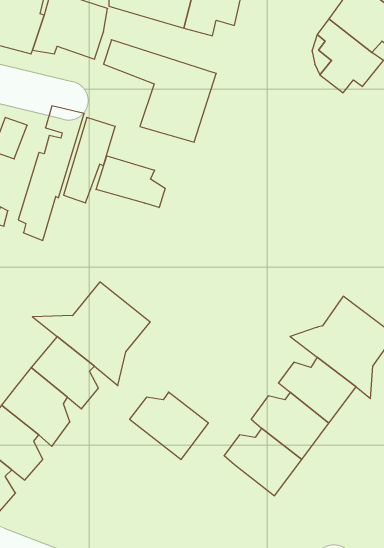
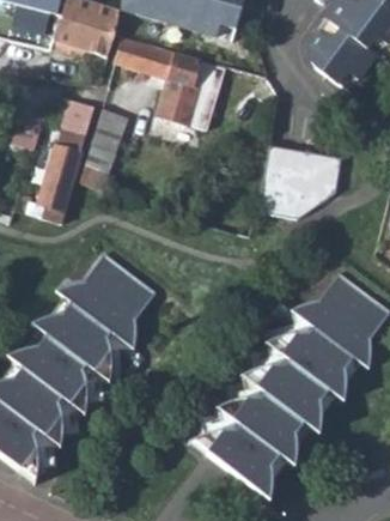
building: [96,156,165,208] -> none
building: none -> [258,145,339,216]
building: [130,392,208,459] -> [202,430,275,492]

